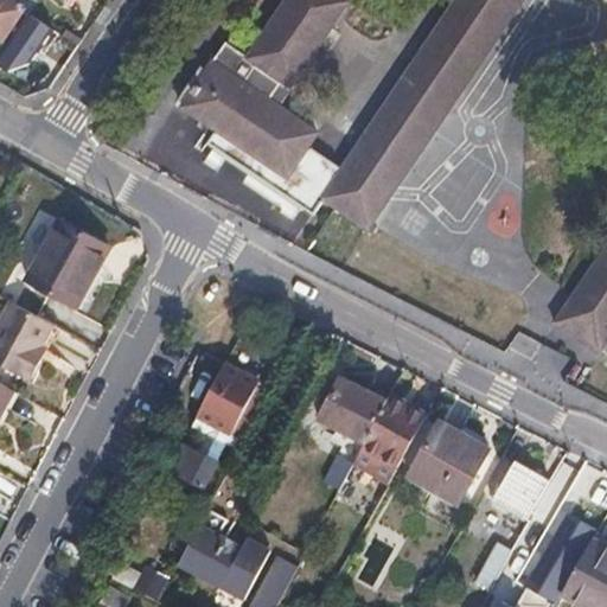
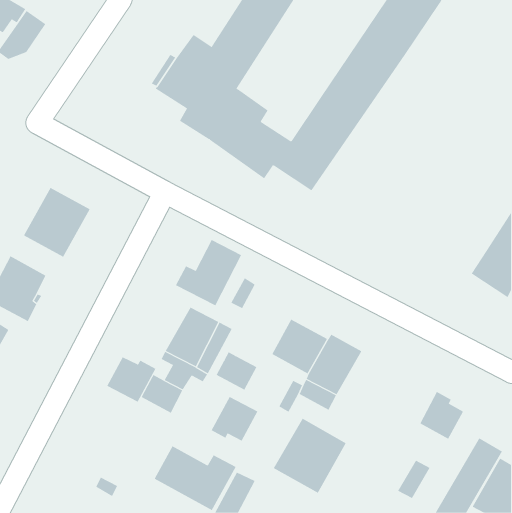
building: none -> [175,239,242,306]
building: none -> [216,352,257,391]
building: [397,420,484,509] -> [273,418,346,493]
building: none -> [107,356,156,402]
building: none -> [211,396,258,441]

